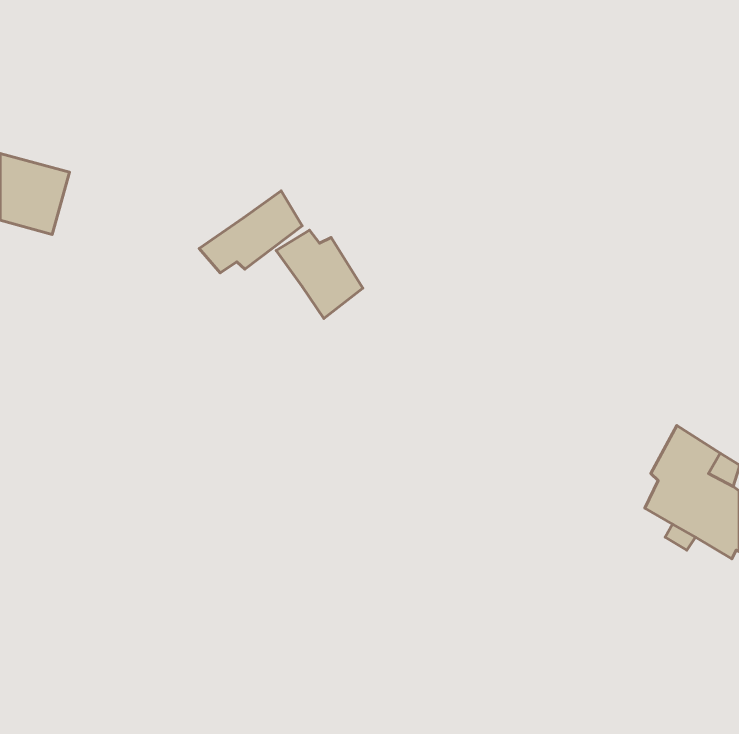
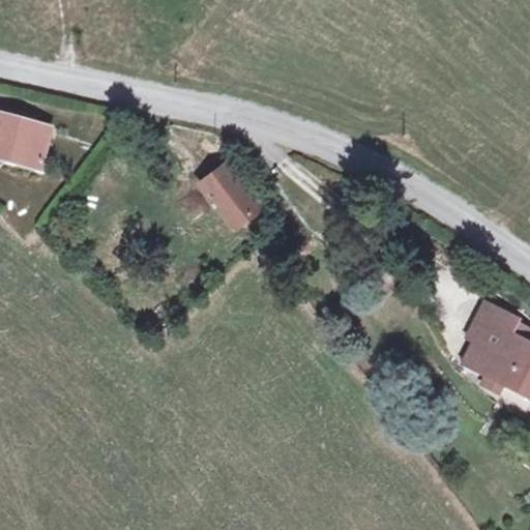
building: [199,191,302,273] -> none

